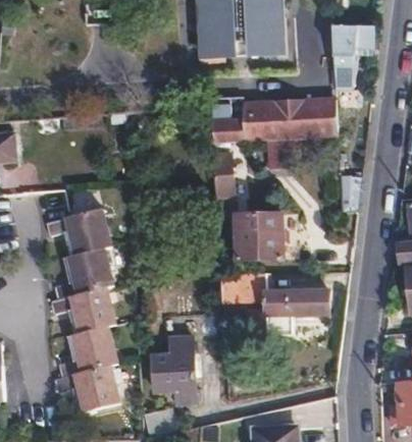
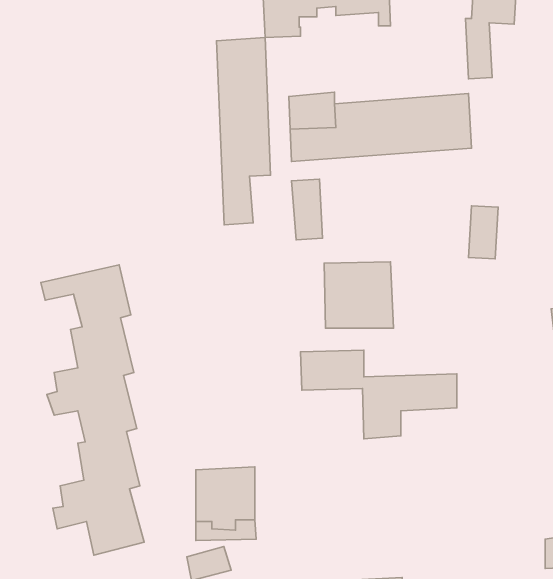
building: none -> [217,38,270,225]

